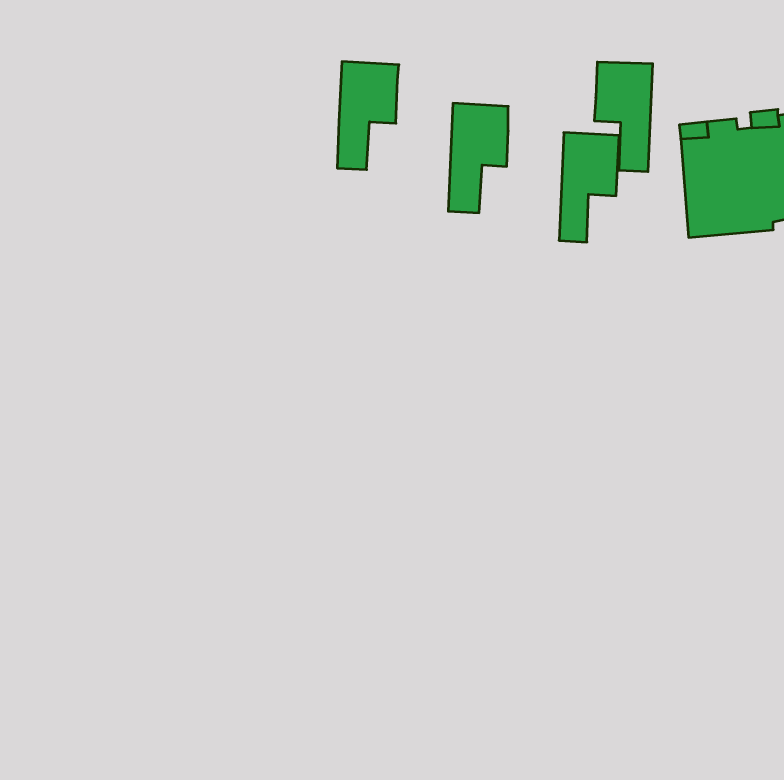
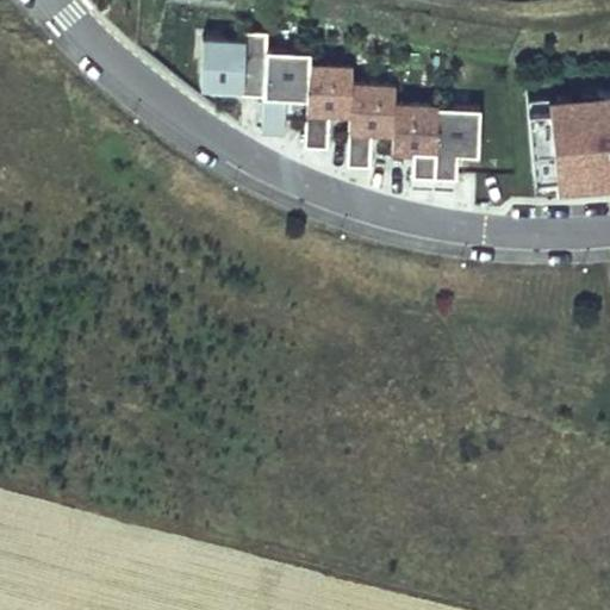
building: none -> [201,37,268,100]
building: [594,62,653,172] -> [393,107,438,192]
building: none -> [306,68,354,151]

